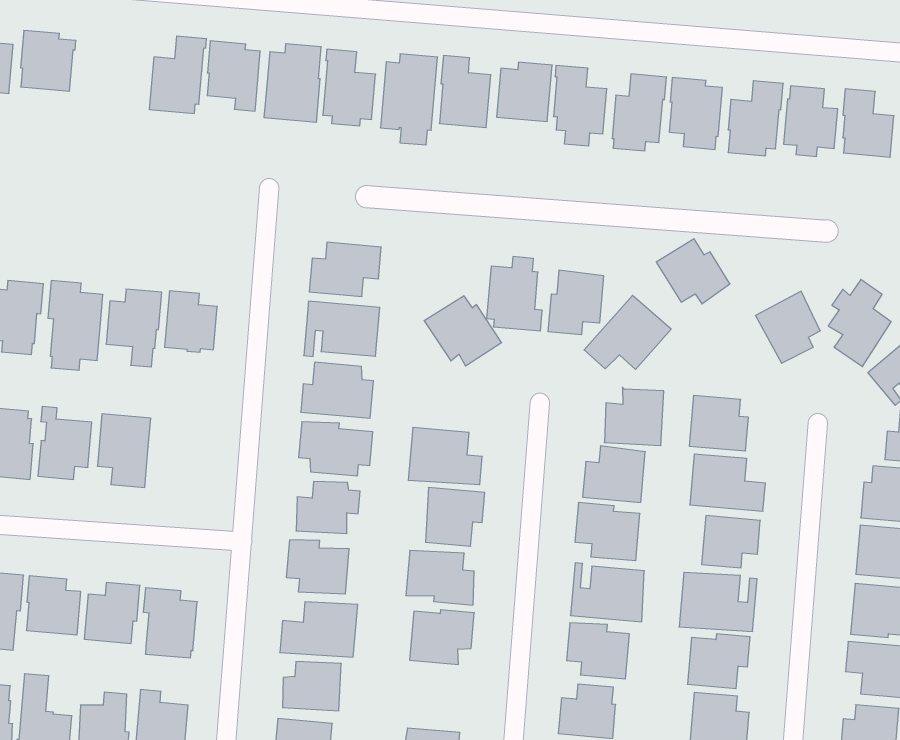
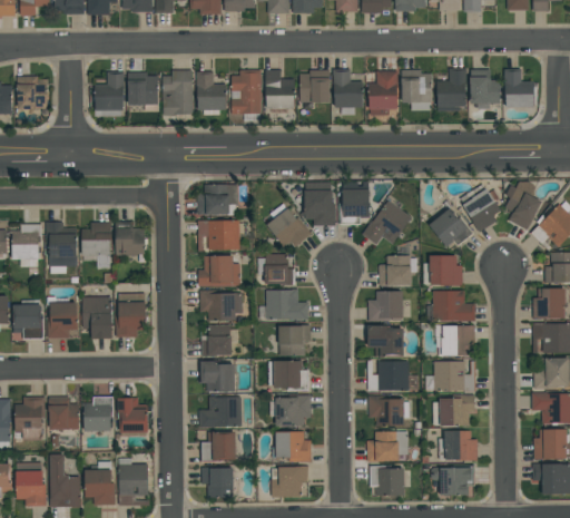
building: [656,239,730,304] -> [431,209,475,247]
building: none -> [264,255,296,285]
building: none -> [116,294,146,338]
building: none -> [276,432,312,463]

